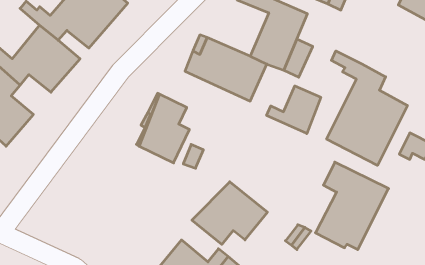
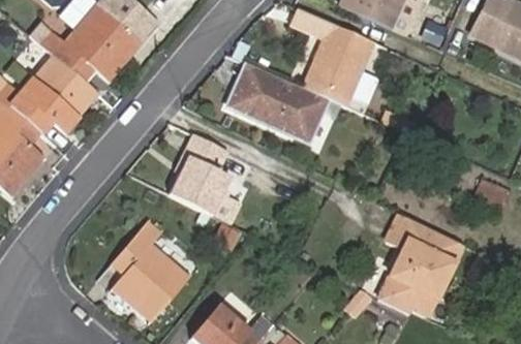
building: [327,51,407,165] -> none
building: [267,86,321,134] -> none
building: none -> [114,221,190,319]
building: [192,182,267,244] -> none

